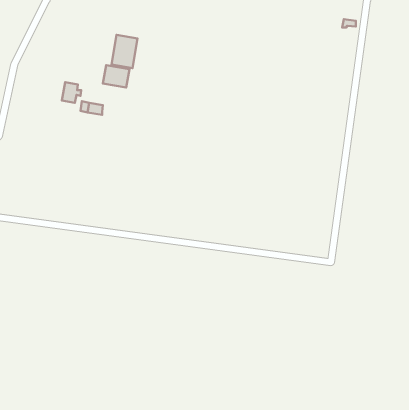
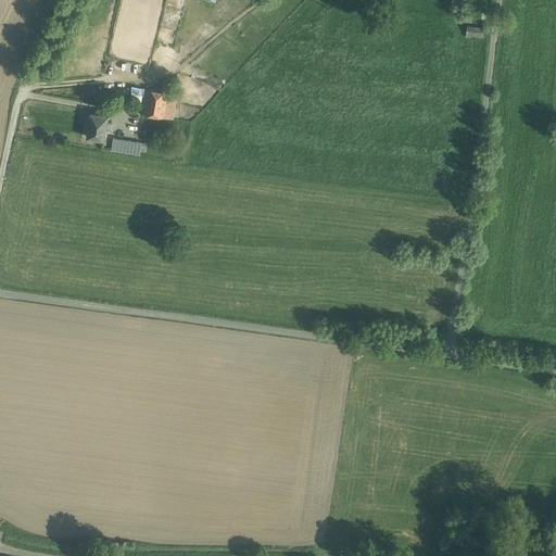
building: [111,35,138,68] -> none

